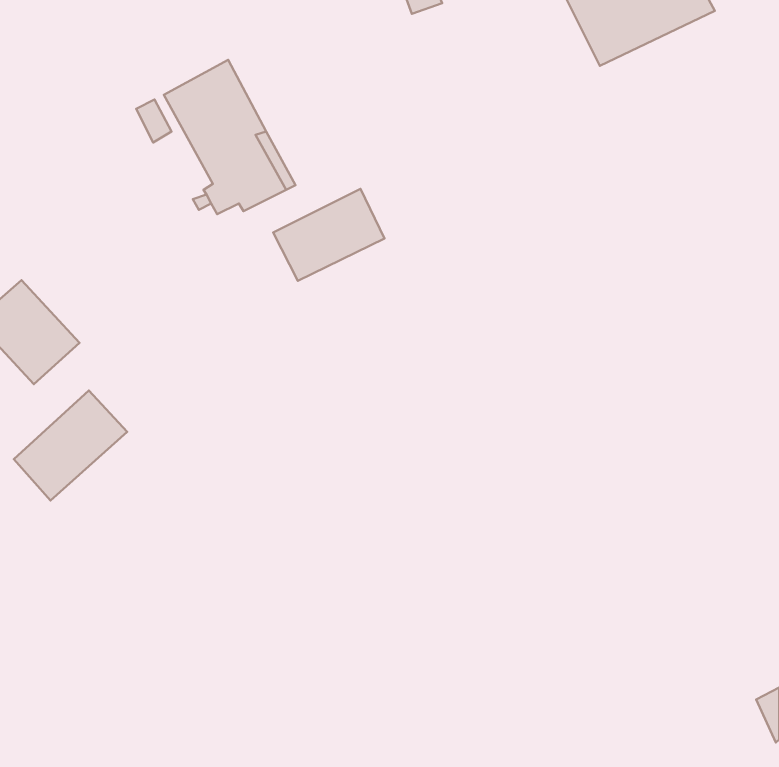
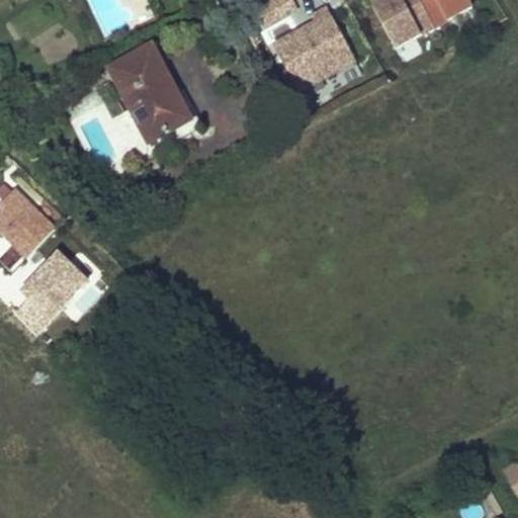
building: none -> [269,9,351,86]
building: [273,189,385,281] -> none

